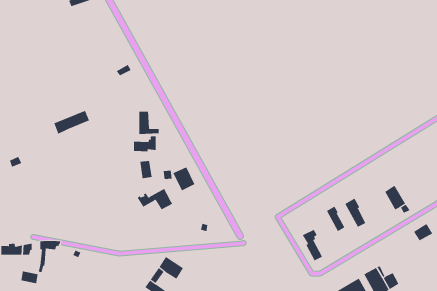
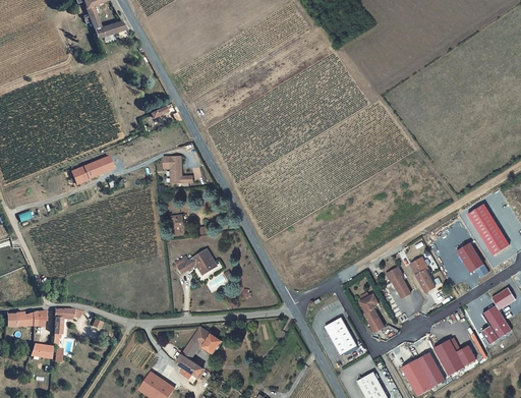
building: [133,135,156,152] -> none
building: none -> [467,205,510,255]
building: [173,166,195,191] -> none
building: none -> [481,305,511,344]
building: none -> [326,319,358,355]

